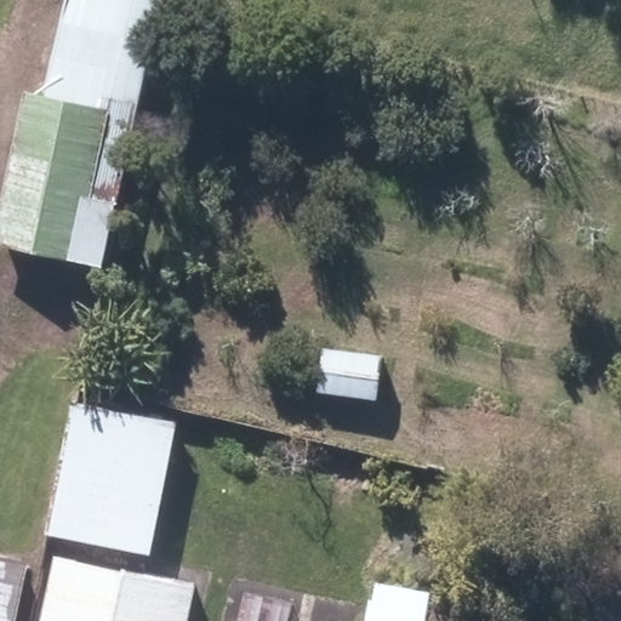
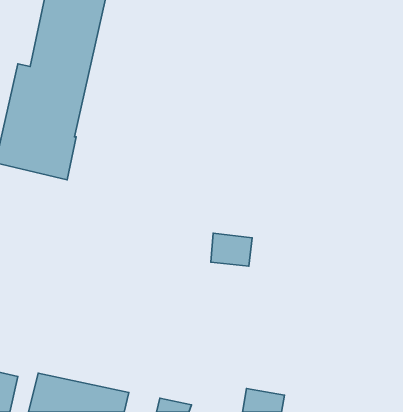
building: [44,403,172,553] -> none

